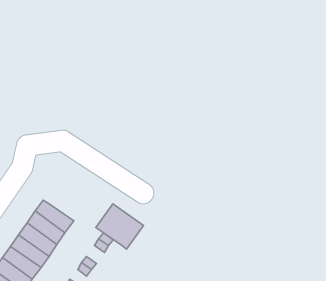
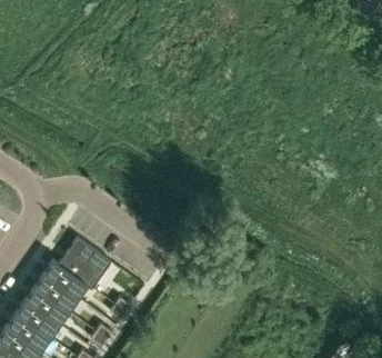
building: [96,204,143,249] -> [59,237,112,288]

